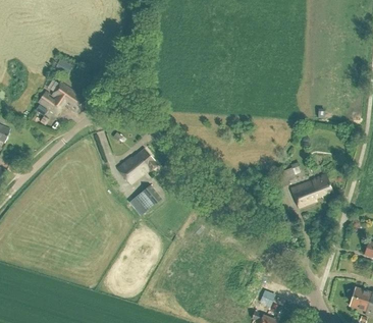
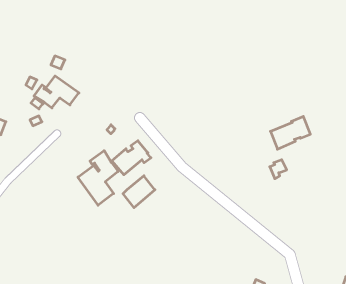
building: none -> [78,151,118,205]
building: [291,174,332,208] -> [270,116,310,149]

